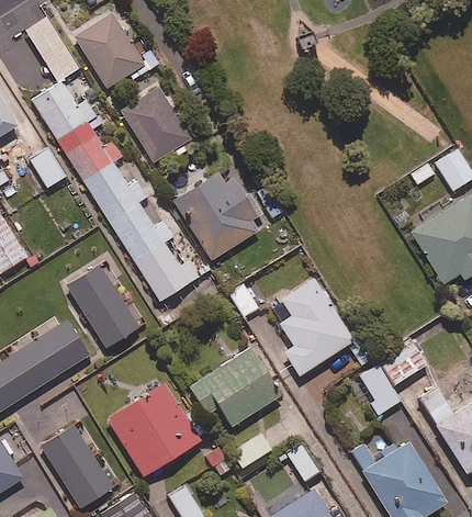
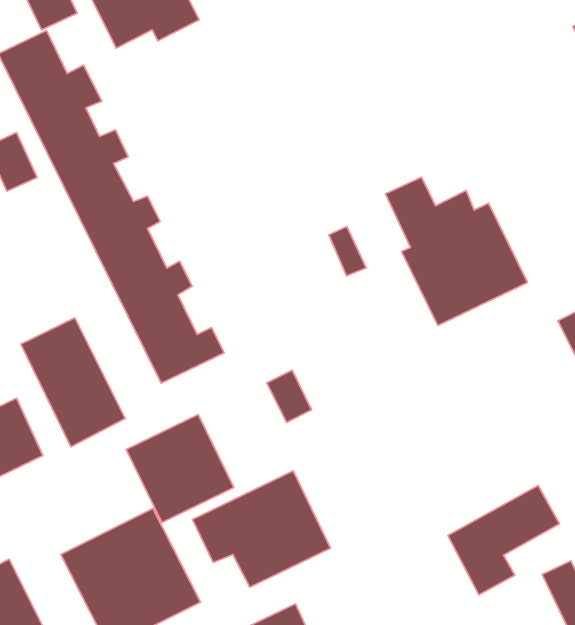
building: [122,88,190,161] -> none
building: [167,166,265,260] -> [386,177,528,325]
building: [279,278,353,375] -> none
building: none -> [126,414,234,522]

